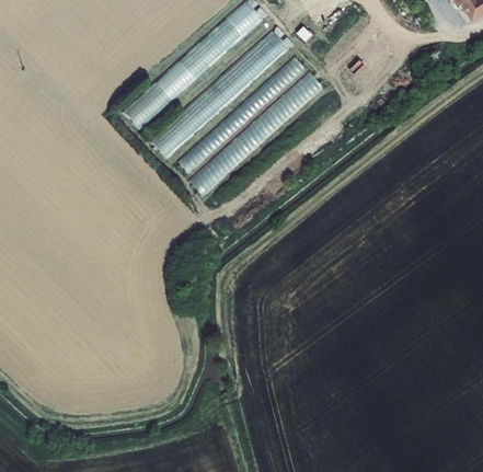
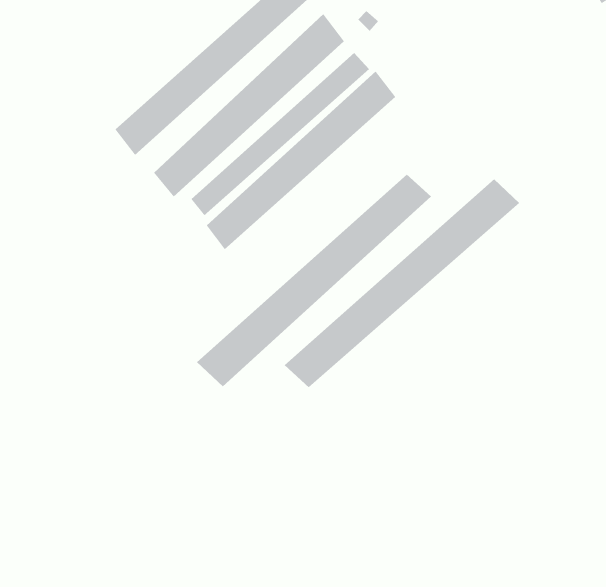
building: none -> [196,174,432,387]
building: none -> [284,178,520,388]

